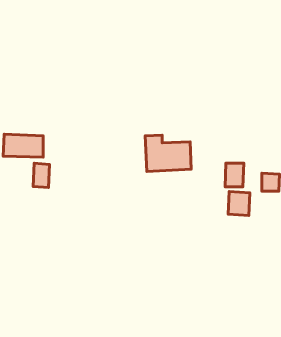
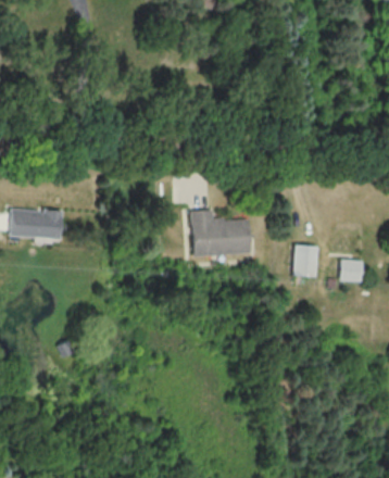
building: [33,163,49,188] -> none
building: [228,192,250,216] -> none

